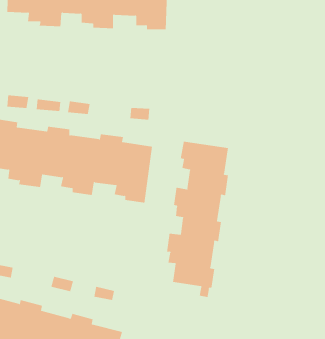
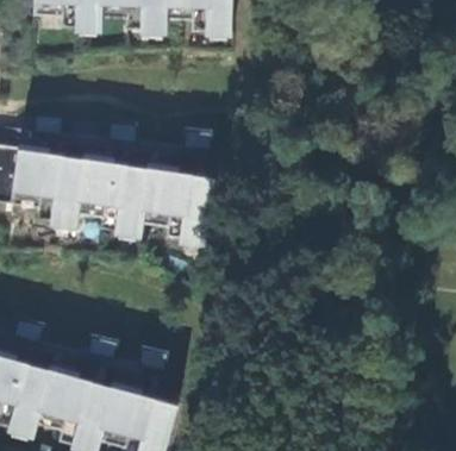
building: [167,141,228,298] -> none

